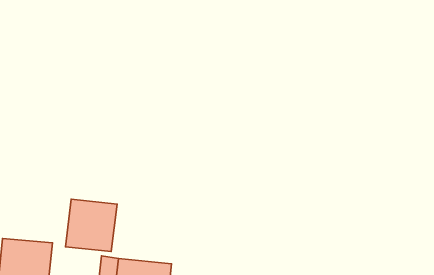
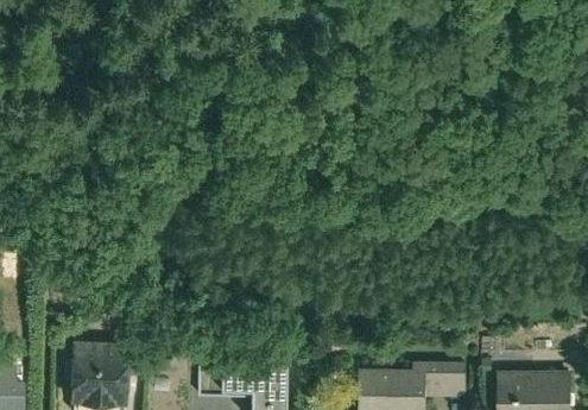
building: [65,199,117,252] -> none

